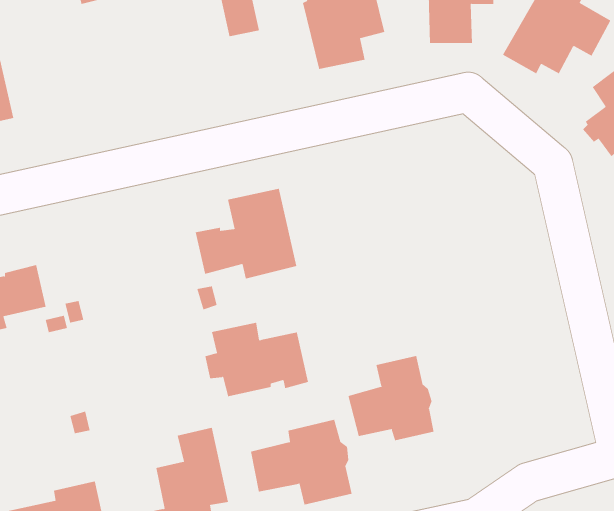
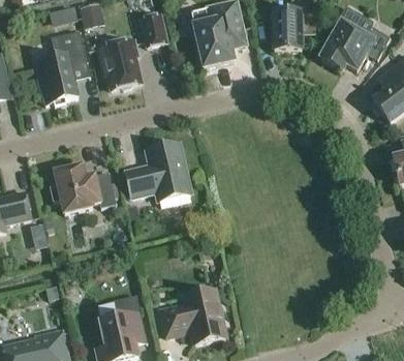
building: none -> [35,30,87,106]
building: none -> [98,38,142,88]
building: [205,322,309,397] -> [50,164,116,212]
building: [348,355,434,441] -> none

